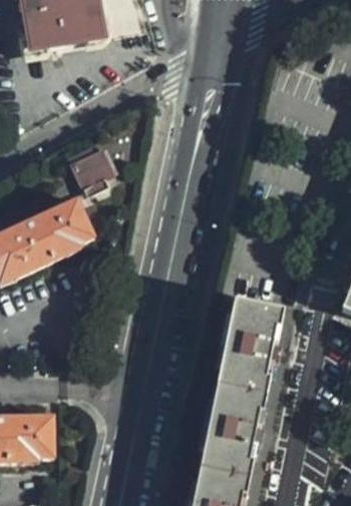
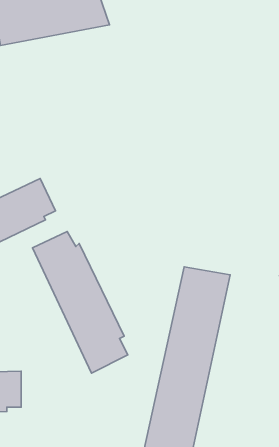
building: [68,150,111,193] -> none
building: none -> [32,232,128,373]

